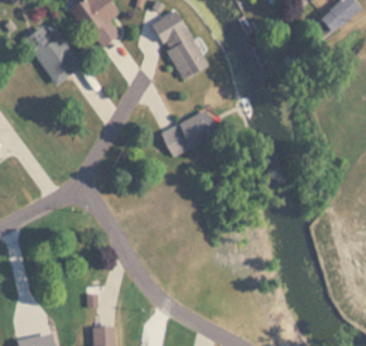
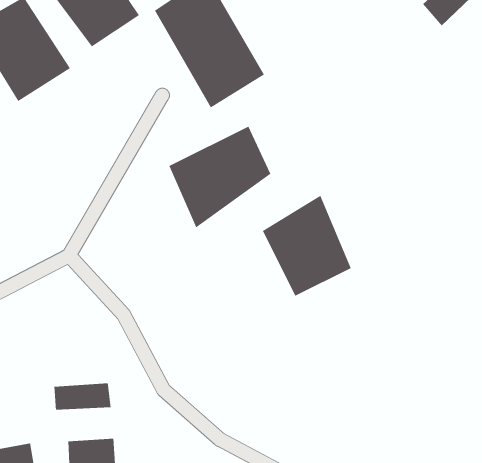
building: none -> [262,195,351,297]
building: none -> [54,382,111,411]

